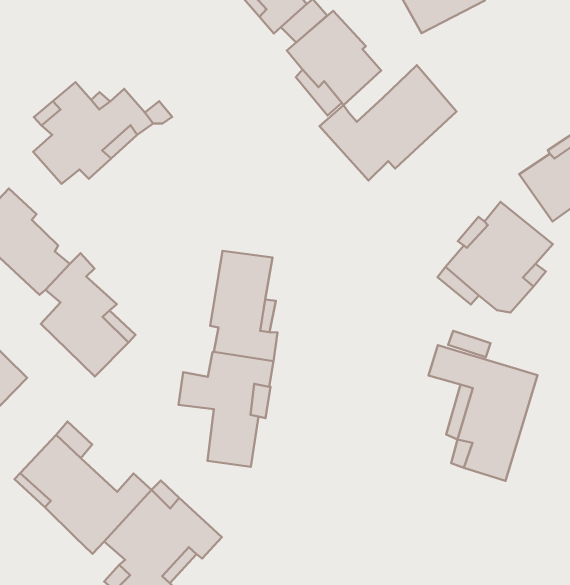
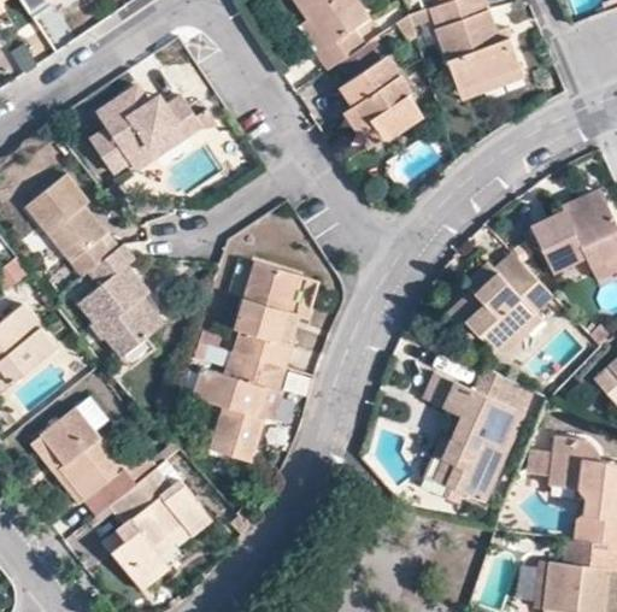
building: [320,65,457,181] -> none

